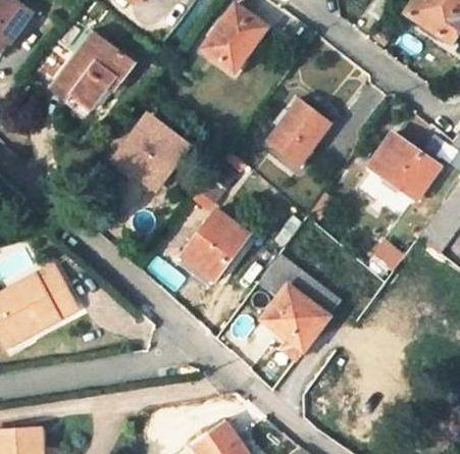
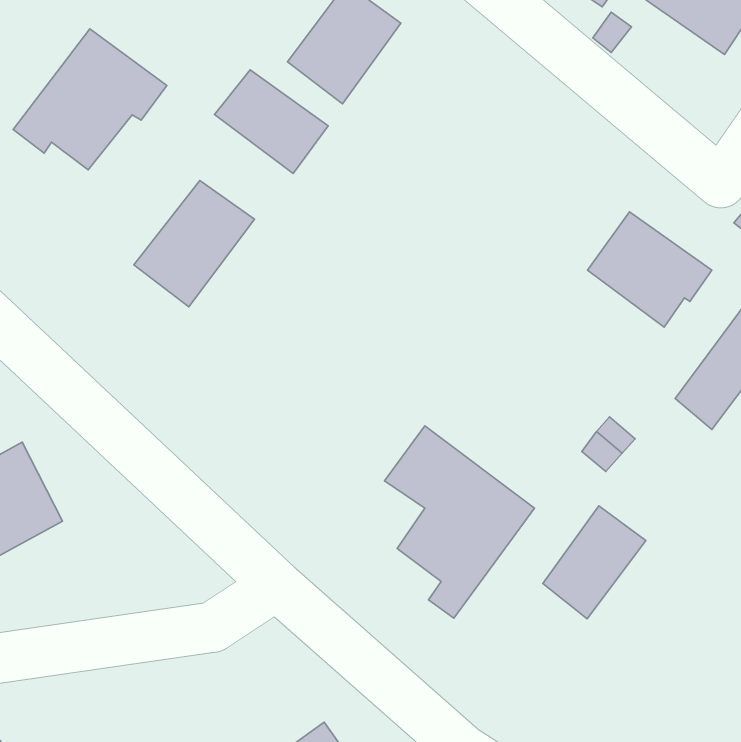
building: none -> [214,70,328,173]
building: [267,99,331,166] -> none
building: [185,211,250,281] -> none
building: none -> [543,506,646,619]

